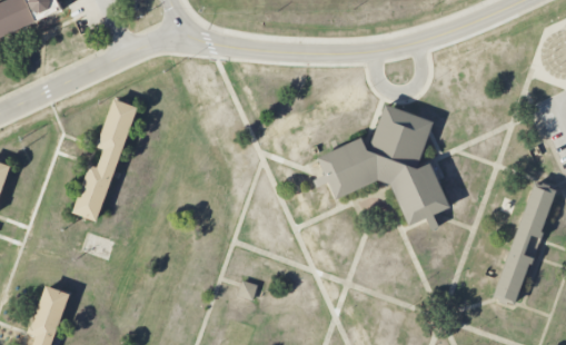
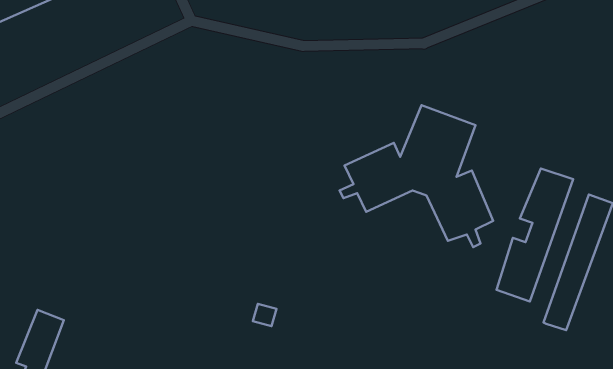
building: [72,99,137,220] -> none
building: none -> [496,168,573,301]

